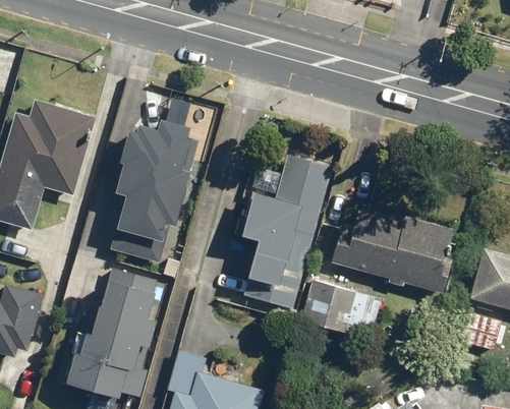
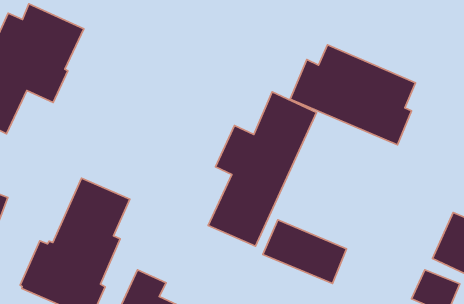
building: [111,119,200,262] -> none
building: [331,203,453,293] -> [290,45,416,145]

